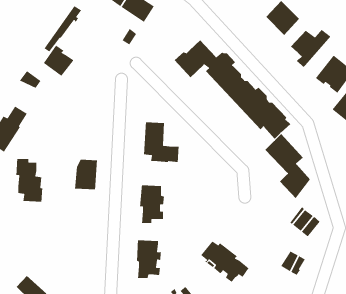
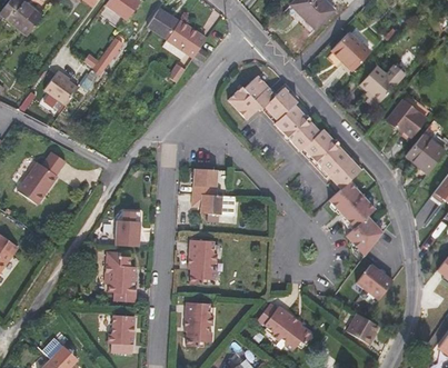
building: [43,44,74,77] -> [43,69,79,106]
building: [15,158,43,202] -> [106,251,137,301]
building: none -> [108,314,135,354]

